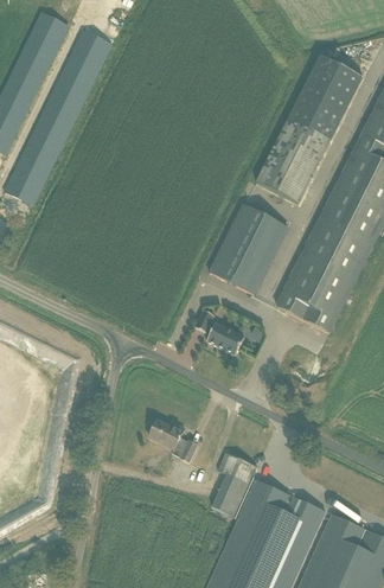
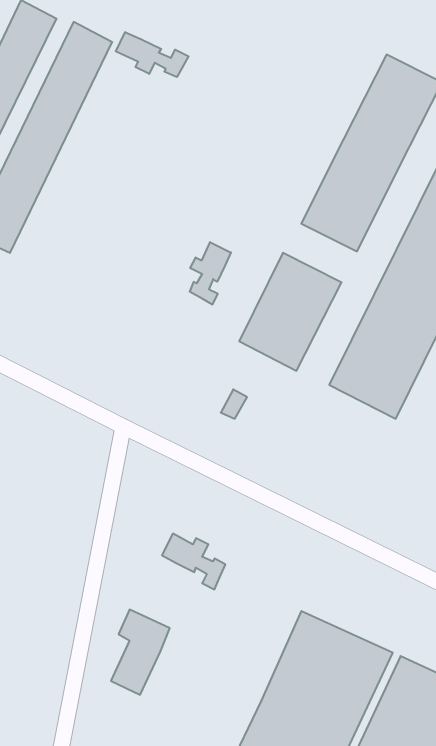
building: none -> [116,32,189,77]
building: none -> [190,242,231,305]
building: [205,322,243,354] -> none
building: [211,452,256,517] -> [111,610,170,695]

